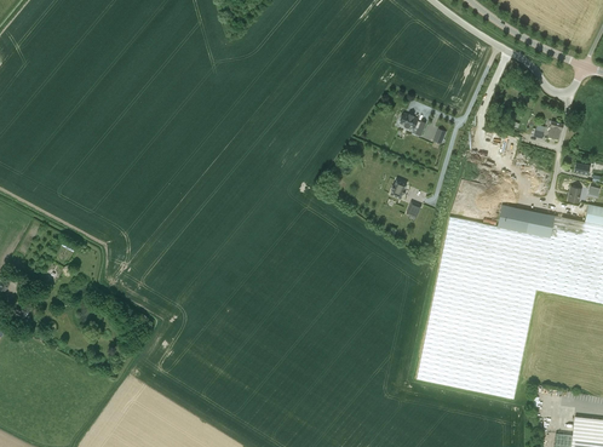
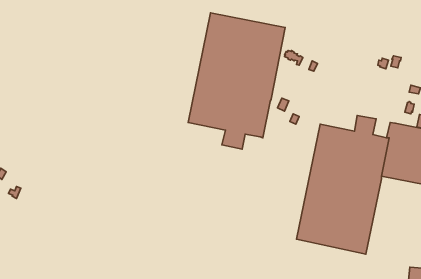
building: none -> [188,13,285,149]

